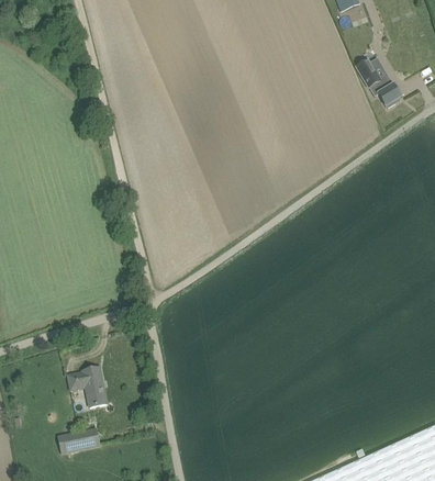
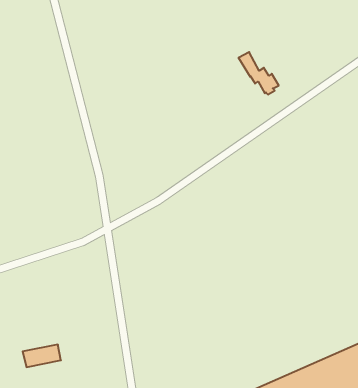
building: [356,61,401,109] -> [238,52,279,94]
building: [68,369,108,409] -> none

